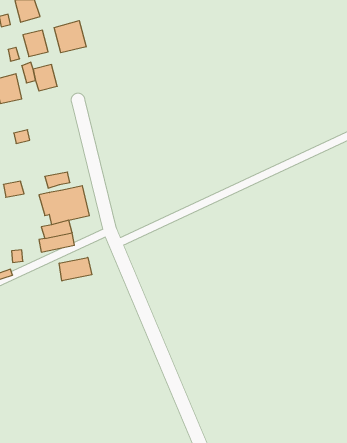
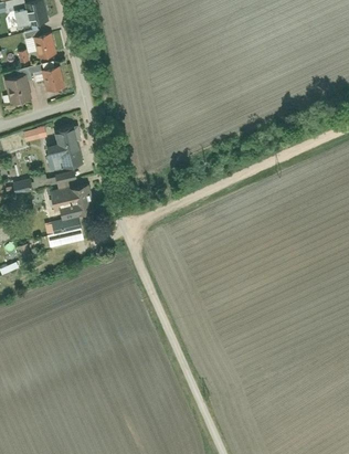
building: [54,21,86,53] -> none
building: none -> [44,127,82,167]
building: [59,257,92,281] -> none

